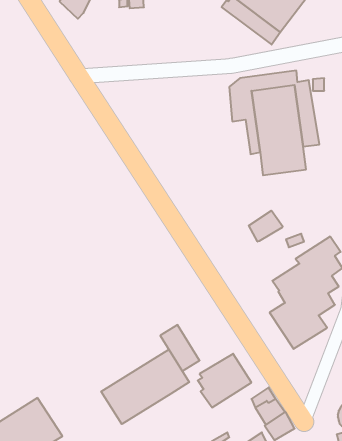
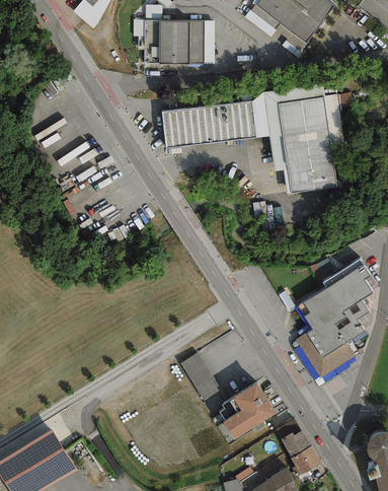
building: none -> [144,19,214,63]
building: none -> [162,100,255,148]
building: [249,211,283,242] -> none
building: [101,349,189,424] -> none

